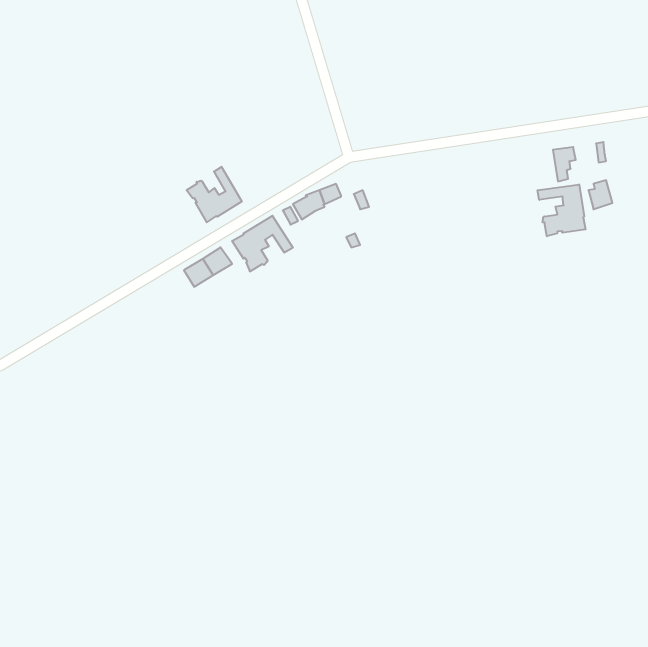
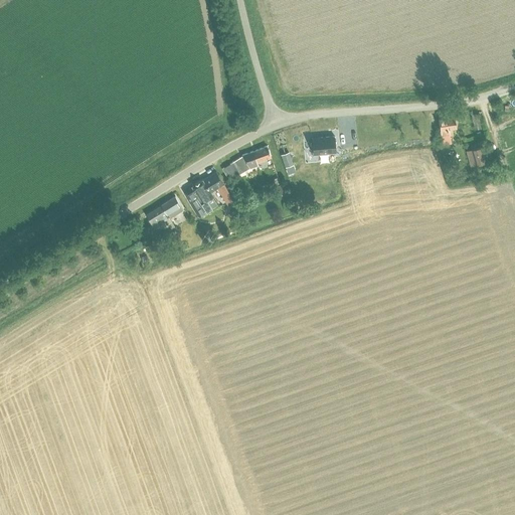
building: [187,167,242,222] -> none
building: none -> [311,136,336,155]
building: [537,184,586,236] -> none

